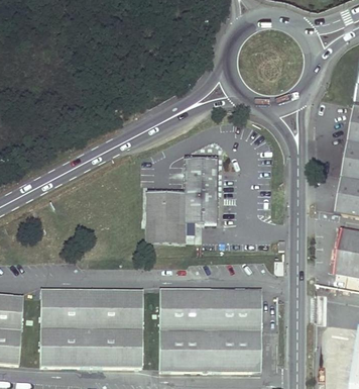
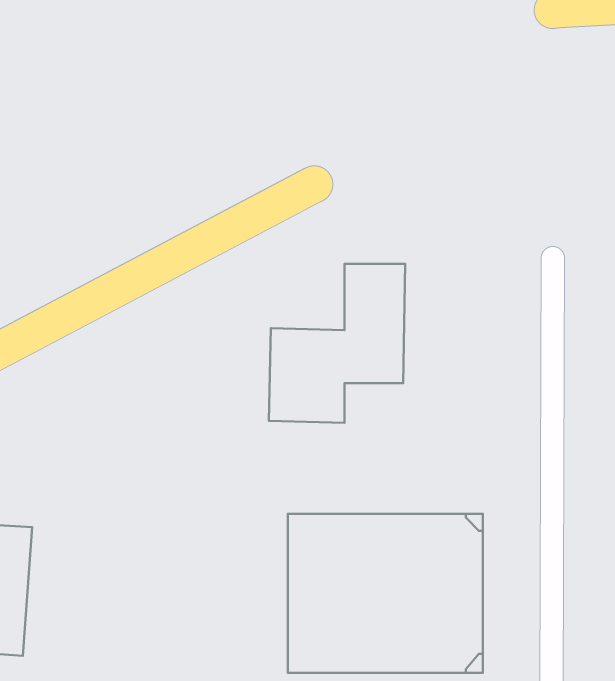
building: [37,289,140,367] -> none

